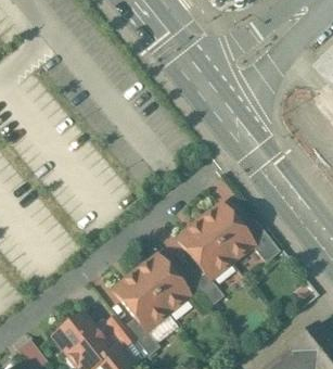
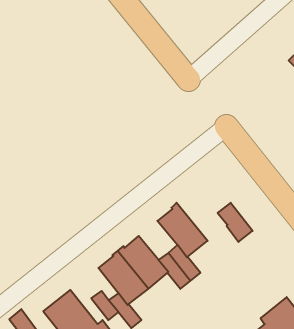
building: [198,205,254,263] -> none

